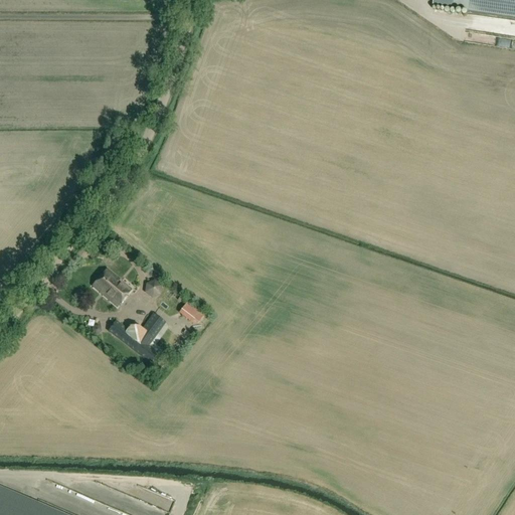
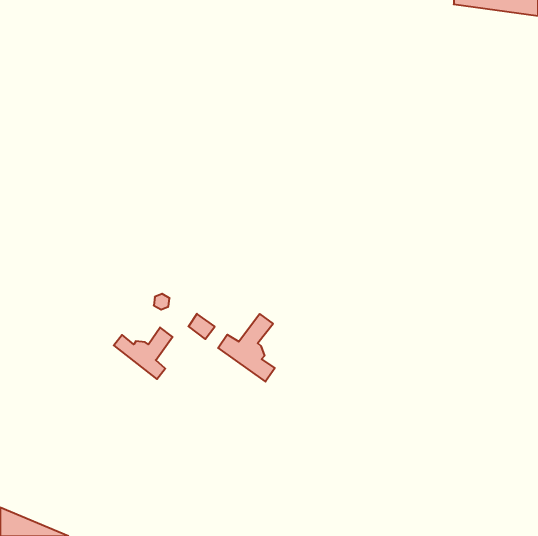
building: [93,268,132,306] -> none
building: none -> [218,314,275,382]

